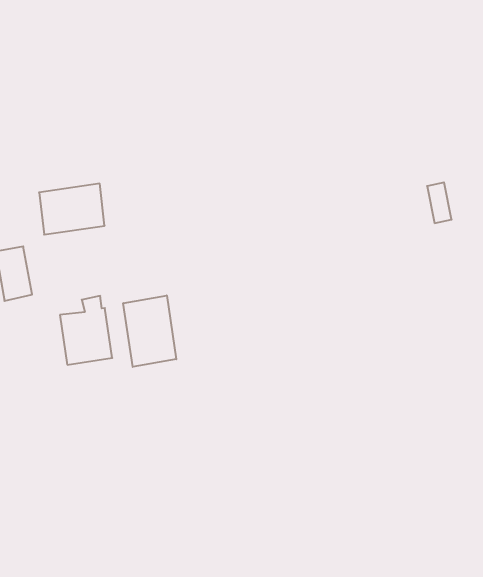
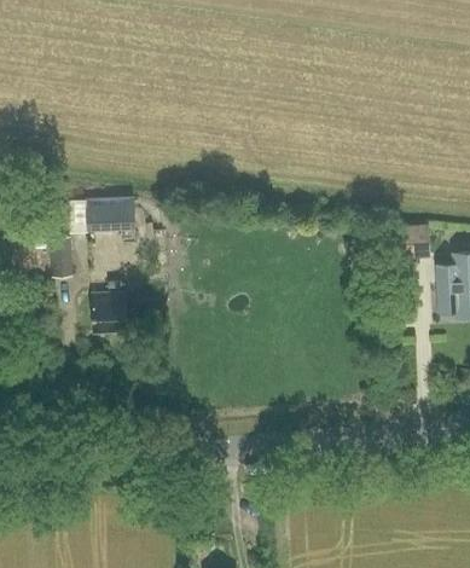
building: [123,295,176,367] -> none

